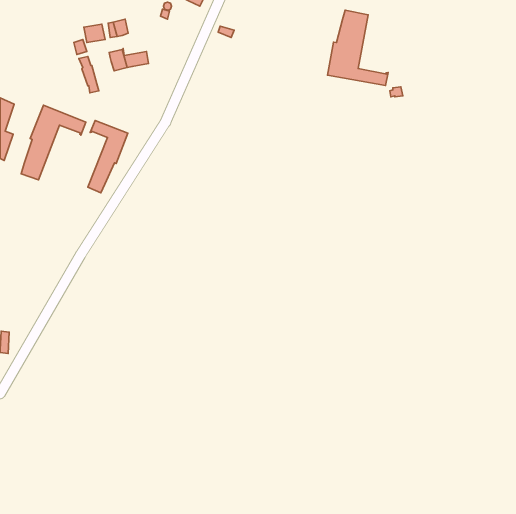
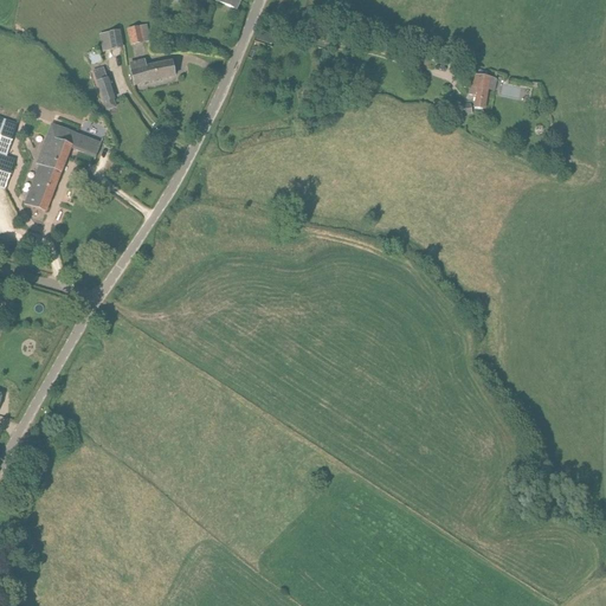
building: [328,10,388,85] -> none
building: none -> [468,72,496,108]
building: [88,121,128,193] -> none

